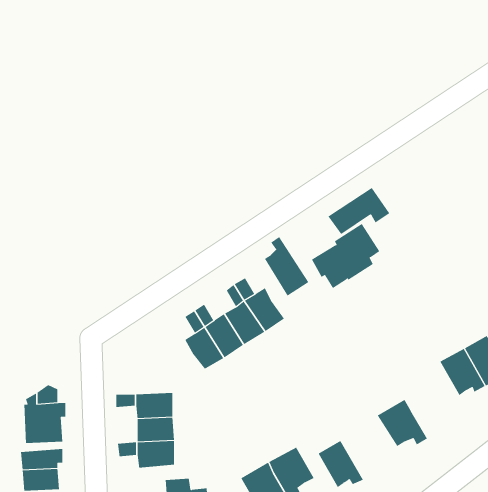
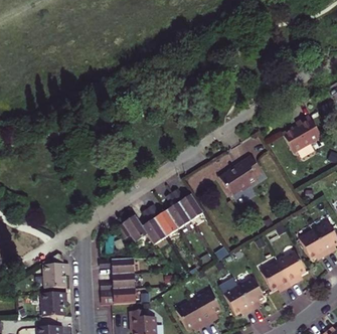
building: none -> [282,116,322,156]
building: [264,236,309,296] -> none
building: none -> [116,214,147,241]
building: none -> [277,252,305,286]
building: none -> [237,279,264,311]

